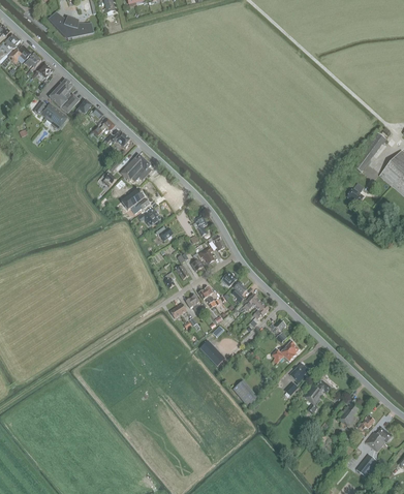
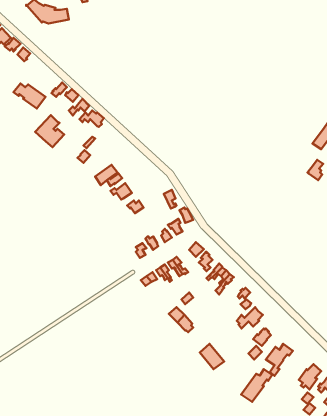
building: [49,79,80,113] -> [35,115,64,147]
building: [120,154,152,181] -> none
building: none -> [241,369,272,402]

